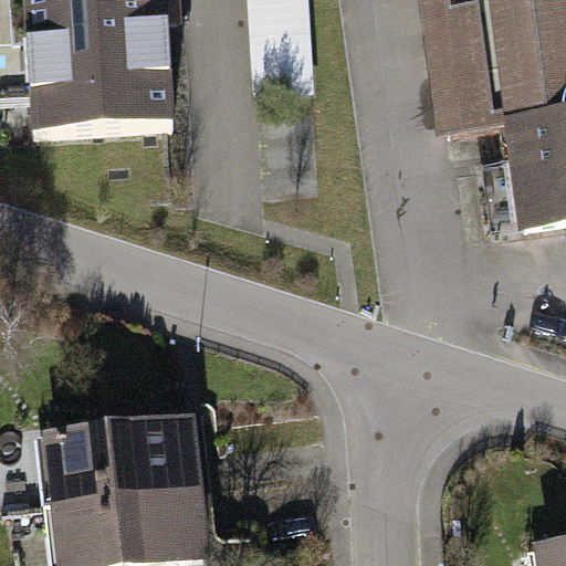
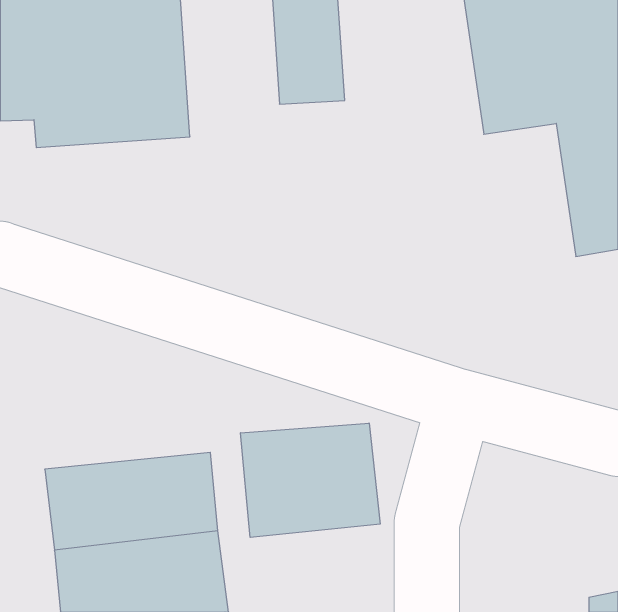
building: none -> [241,423,380,537]

